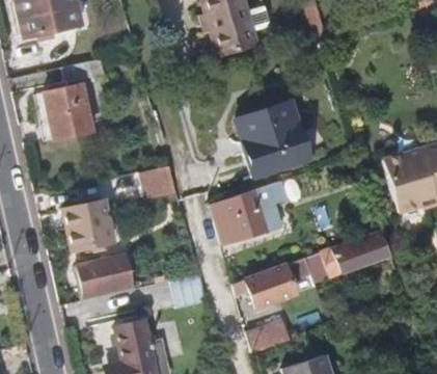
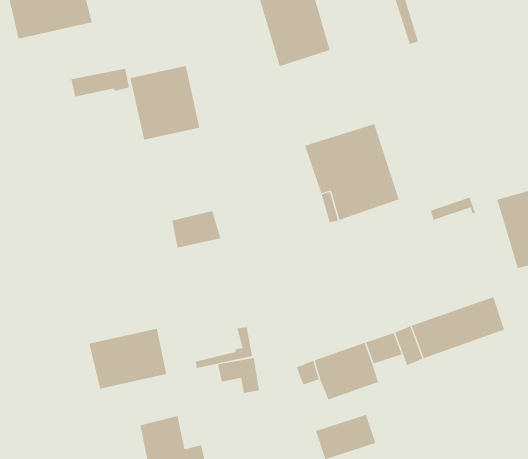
building: [39,84,92,140] -> [130,65,200,140]
building: [210,182,285,243] -> none
building: [63,202,113,250] -> none

